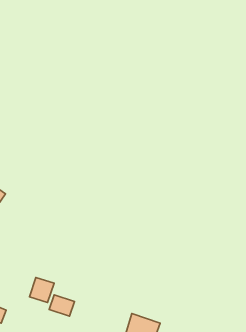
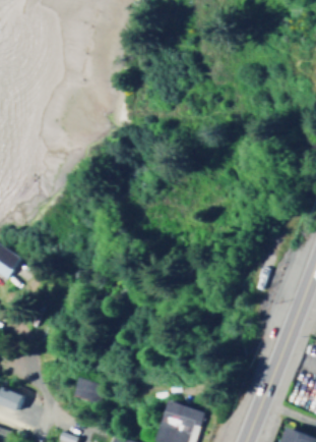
building: [29,278,54,303] -> none

